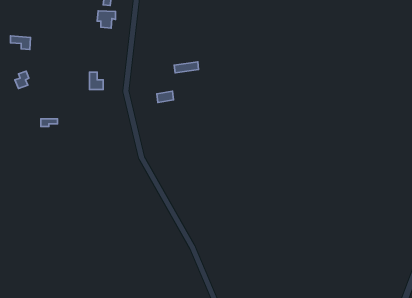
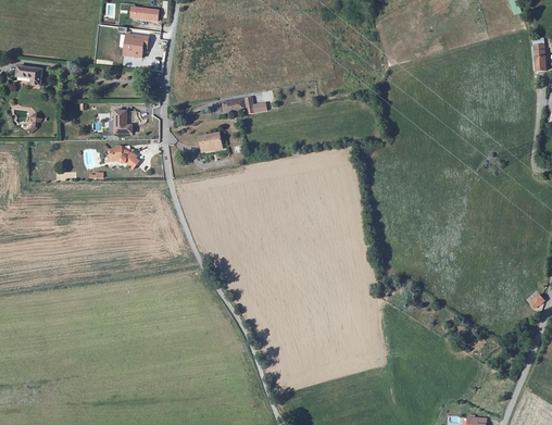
building: none -> [106,148,139,172]

